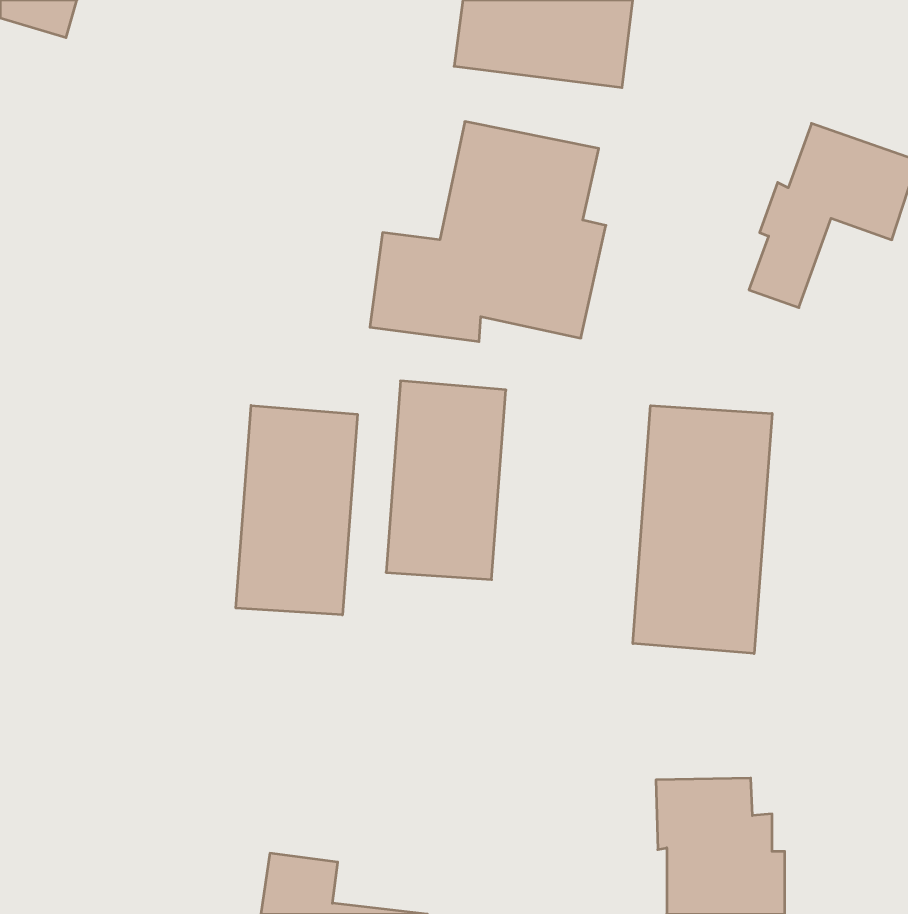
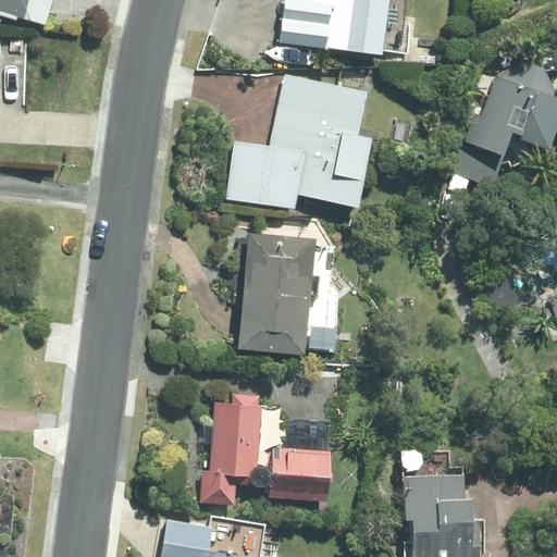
building: [236,405,357,615] -> none
building: [633,406,772,654] -> none
building: none -> [199,400,331,504]

